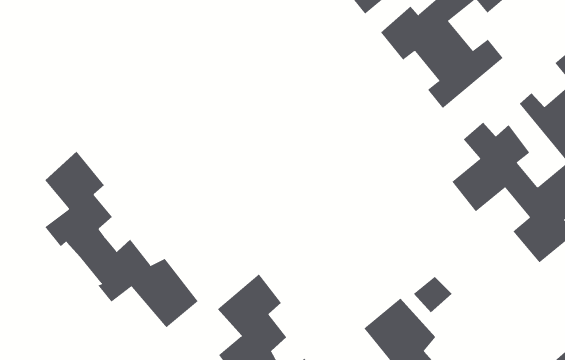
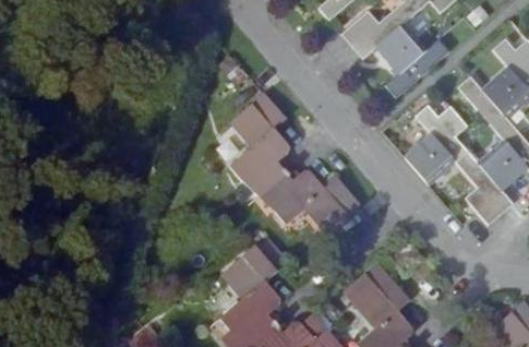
building: none -> [227,87,353,229]
building: [44,151,198,328] -> none

